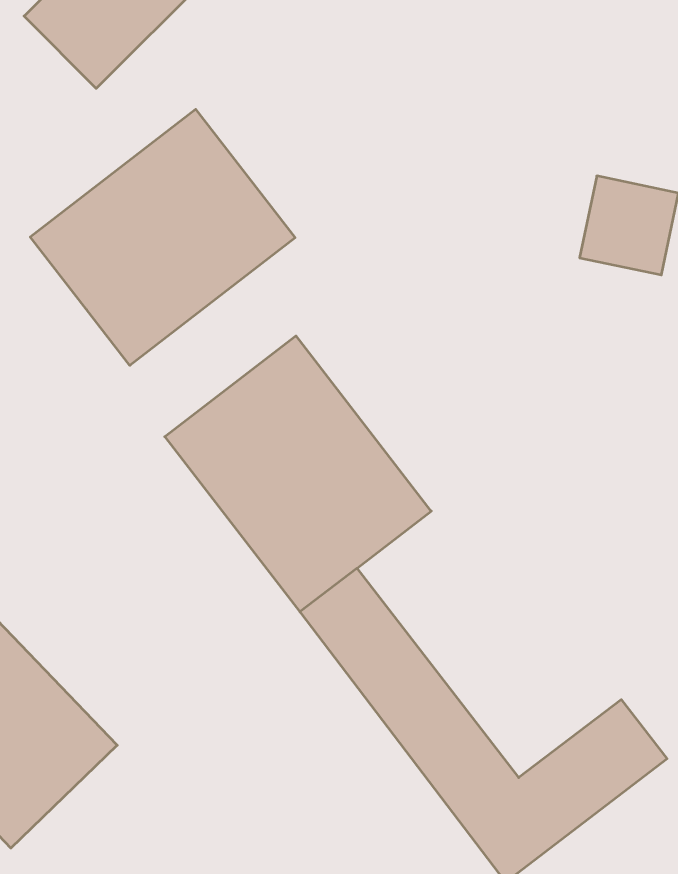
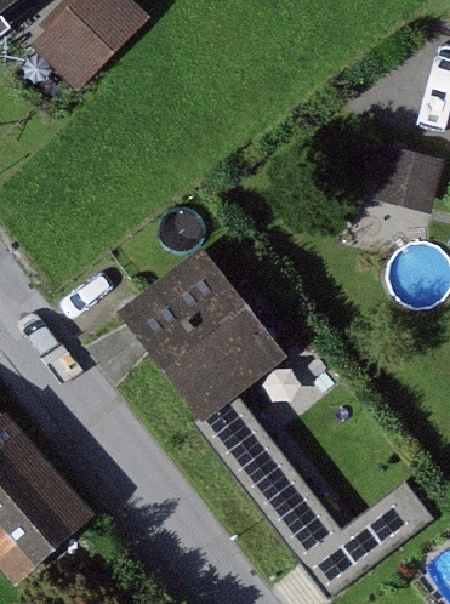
building: [30,109,295,365] -> none

